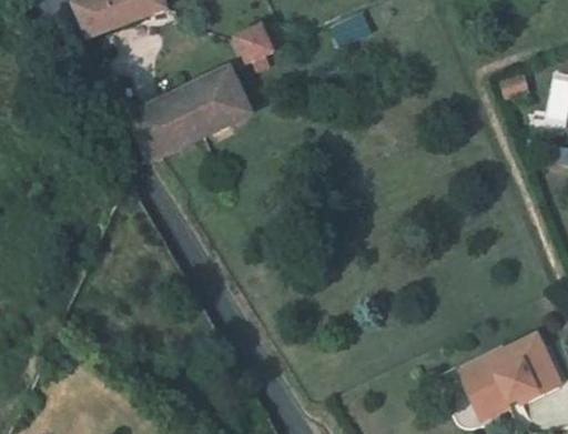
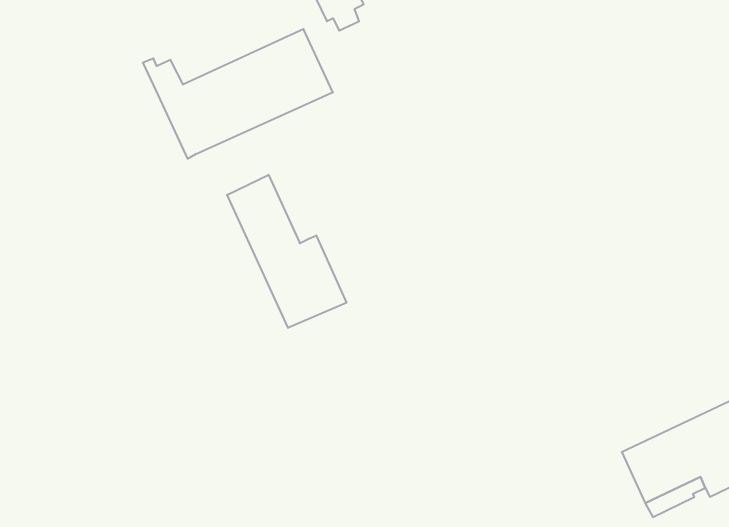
building: none -> [227,175,346,328]

